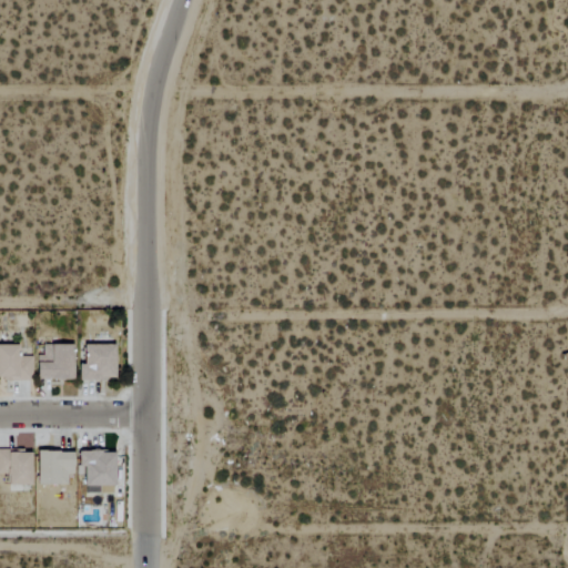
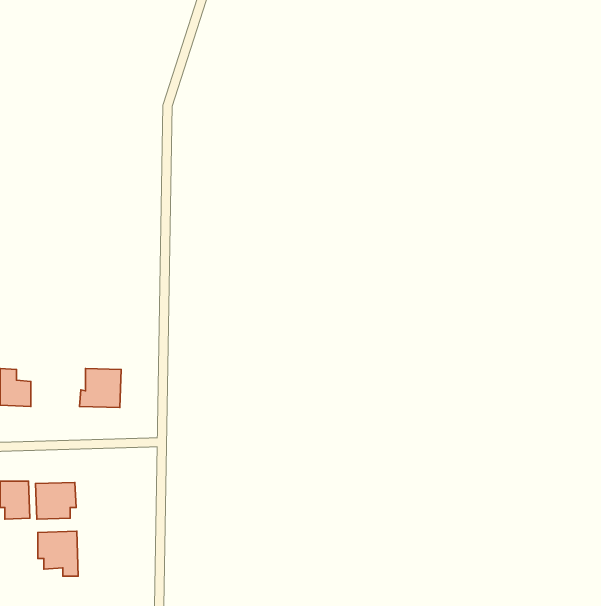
building: [39,344,75,379] -> none
building: [81,450,119,493] -> [38,531,78,576]

